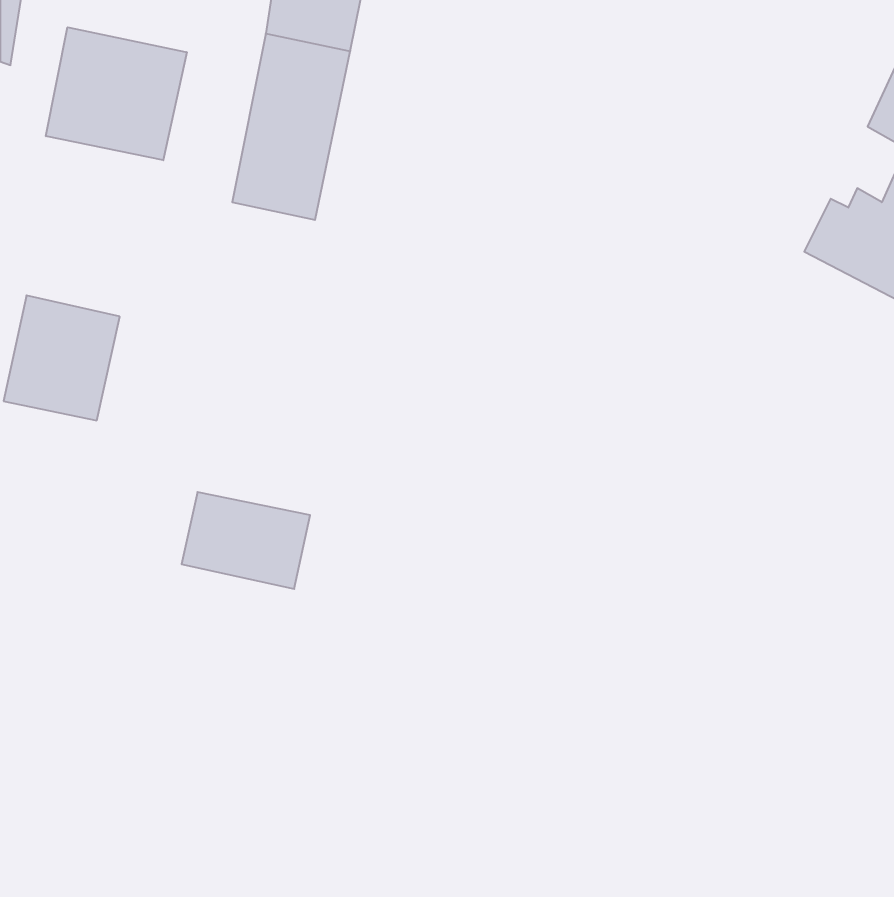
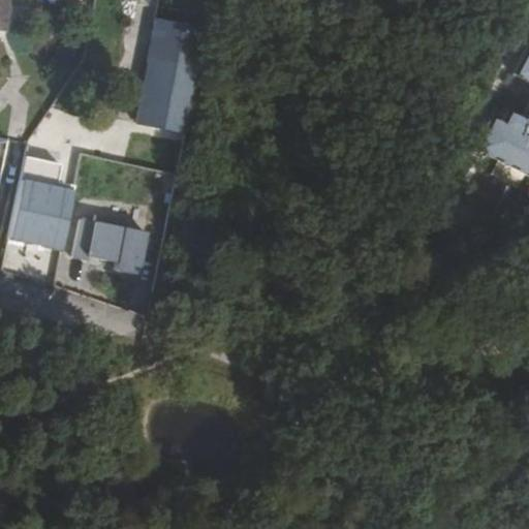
building: [46,27,187,160] -> none
building: [182,492,310,589] -> [71,217,147,274]

